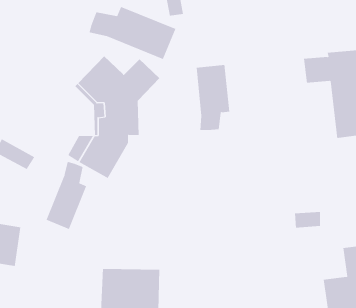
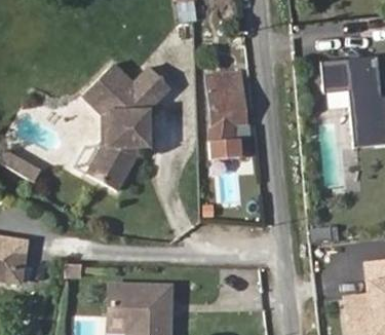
building: [89,6,176,60] -> none
building: [46,161,87,230] -> none

